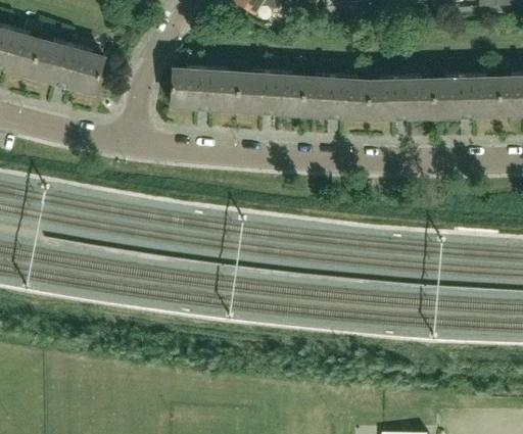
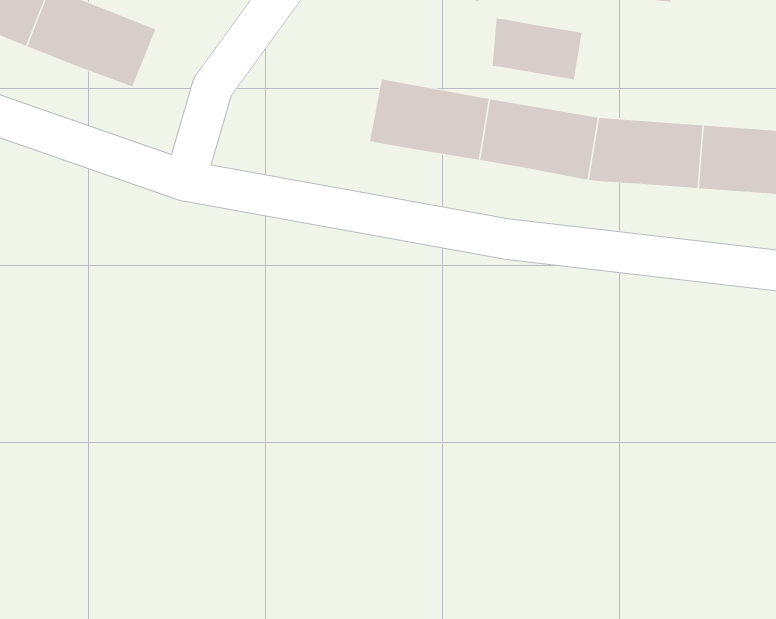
building: none -> [492,18,582,80]
building: [172,67,240,109] -> none

